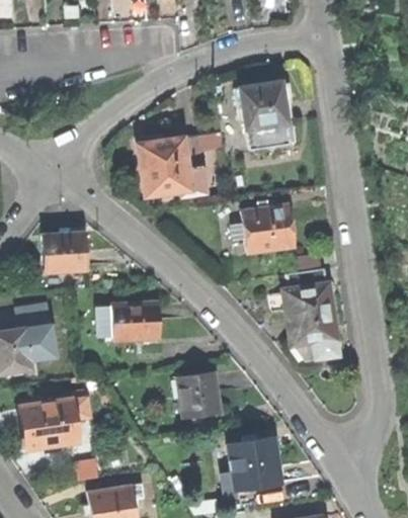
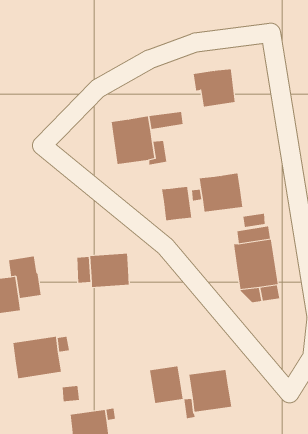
building: [246,87,296,149] -> none
building: none -> [162,186,192,221]
building: [43,232,85,271] -> none
building: [178,372,219,417] -> [149,366,183,403]

